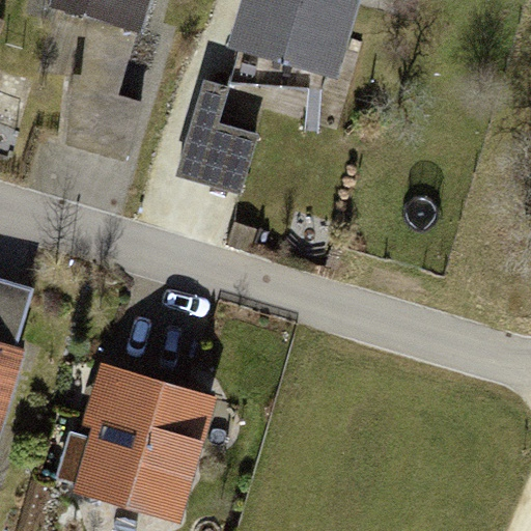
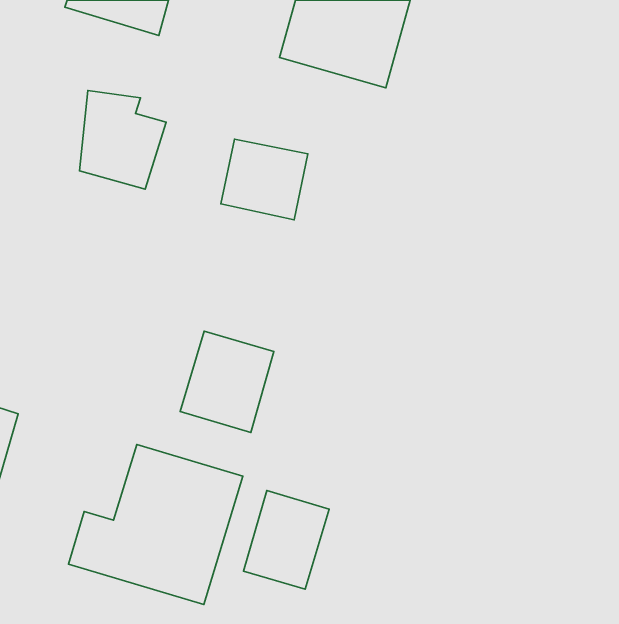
building: none -> [180,331,274,433]
building: none -> [244,490,329,589]

